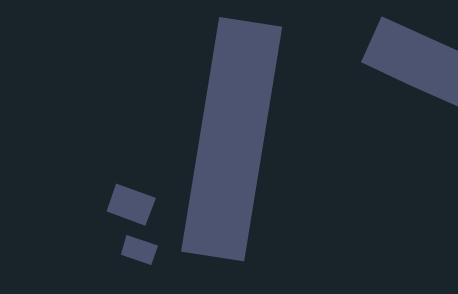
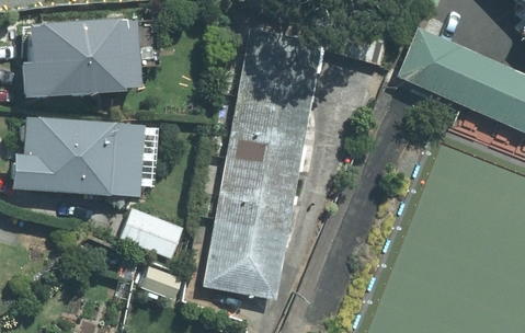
building: none -> [25,18,144,93]
building: none -> [18,116,145,193]

